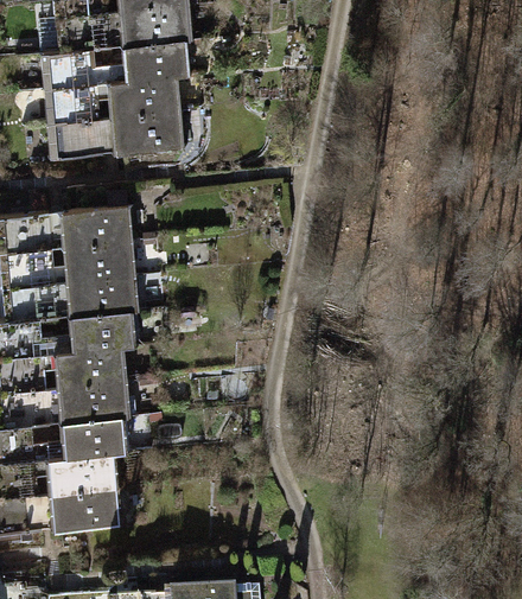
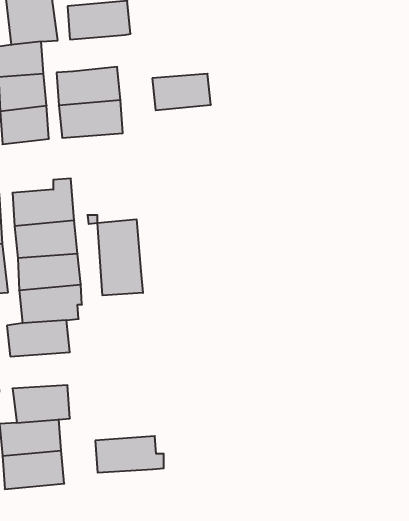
building: [125,43,187,82] -> [152,74,211,110]
building: none -> [97,219,143,295]
building: [61,383,134,422] -> [95,436,164,473]

